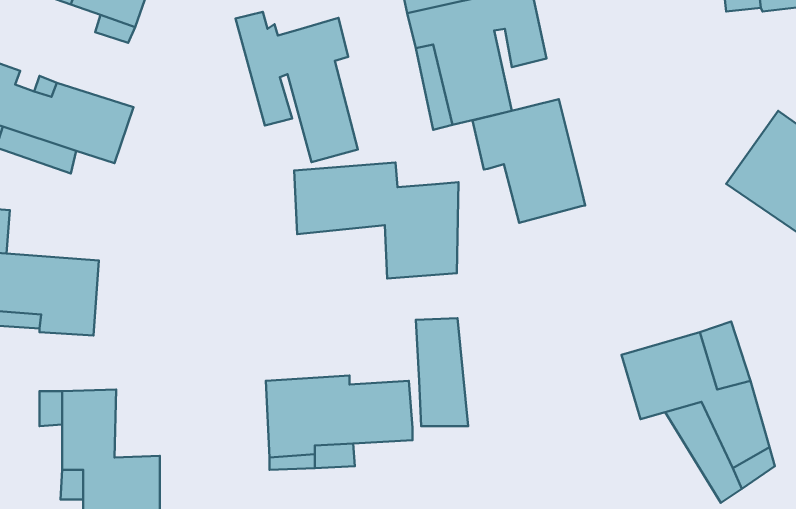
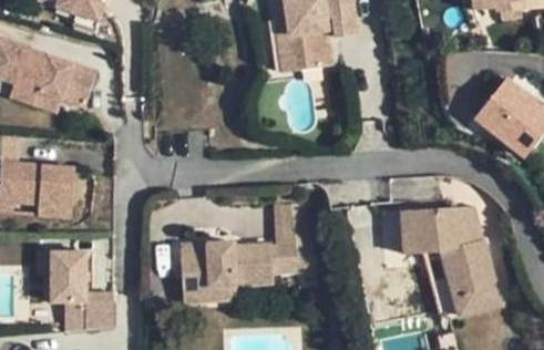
building: [235,12,358,162] -> none
building: [472,99,585,223] -> none
building: [294,163,458,278] -> none

